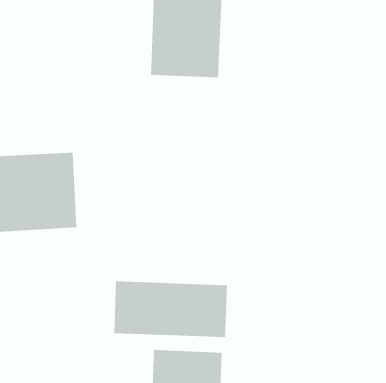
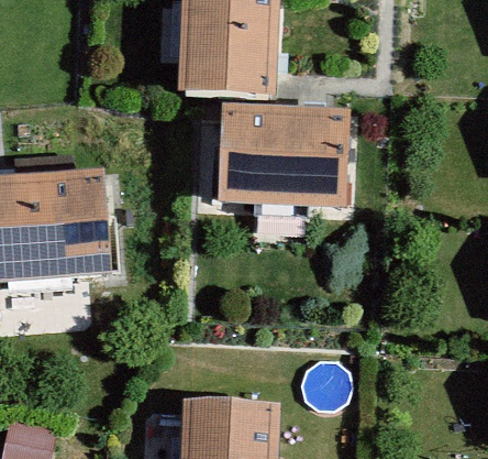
building: none -> [219,112,343,203]
building: [114,281,227,338] -> none

